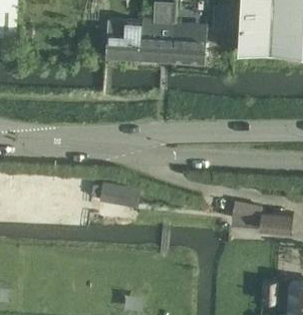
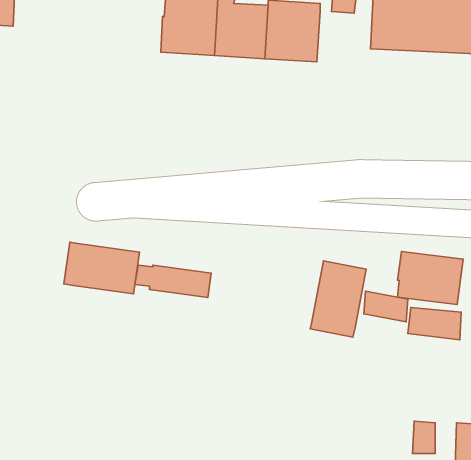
building: none -> [64,242,139,294]
building: none -> [397,252,463,305]
building: none -> [310,261,366,337]

